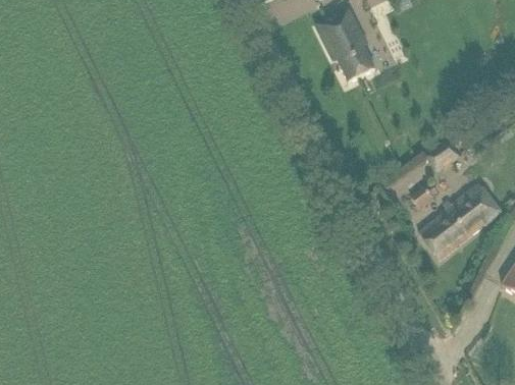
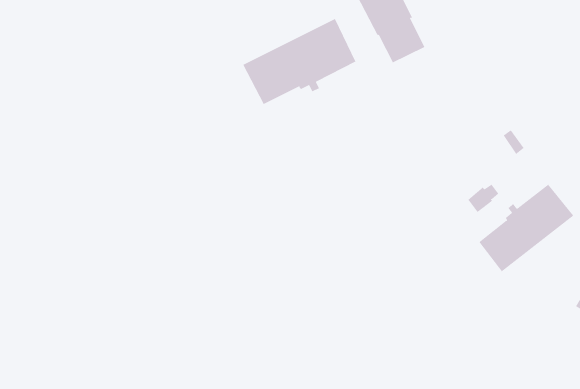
building: none -> [243,18,356,105]

